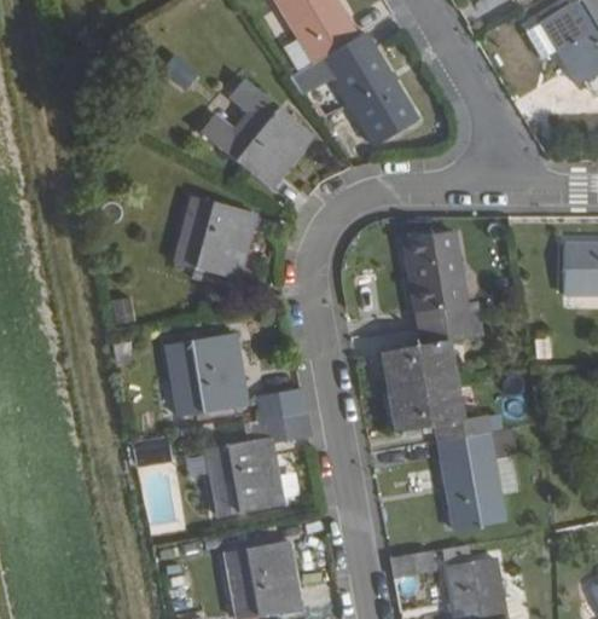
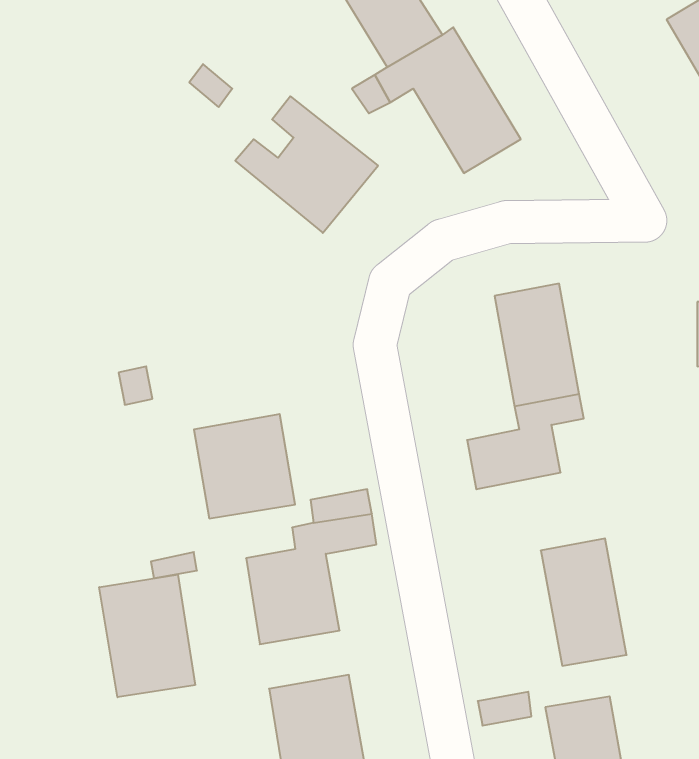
building: [175,197,256,280] -> none
building: [389,380,490,441] -> none
building: none -> [99,574,195,697]

